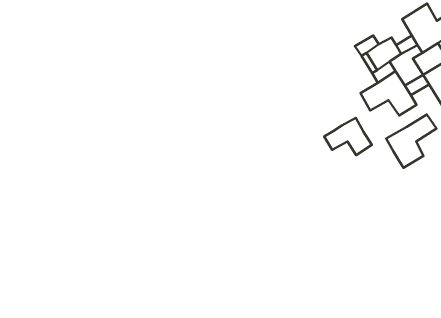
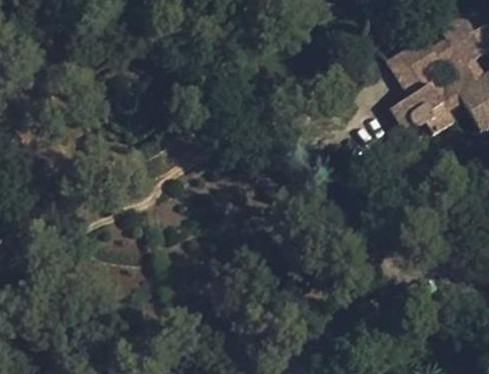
building: [386,115,436,168] -> none
building: [324,118,372,155] -> none

